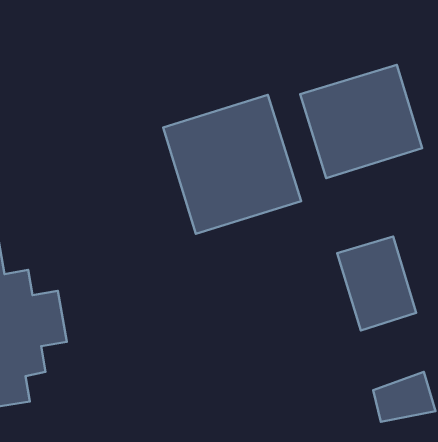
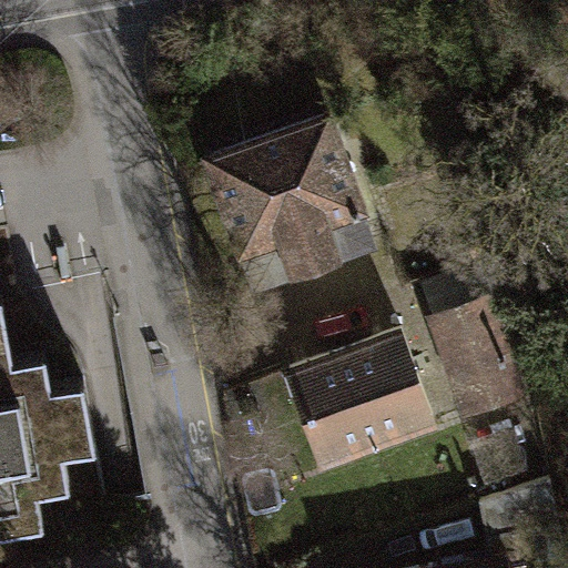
building: [300,65,422,178] -> none
building: none -> [285,328,442,471]

